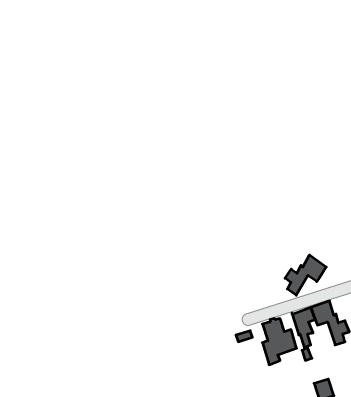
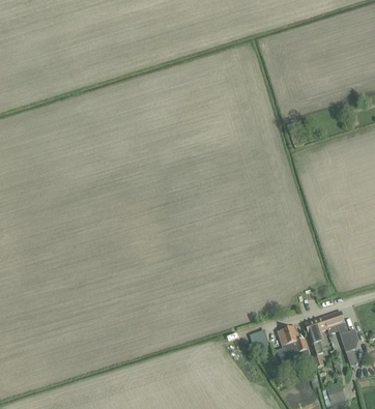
building: [285,255,326,295] -> none

